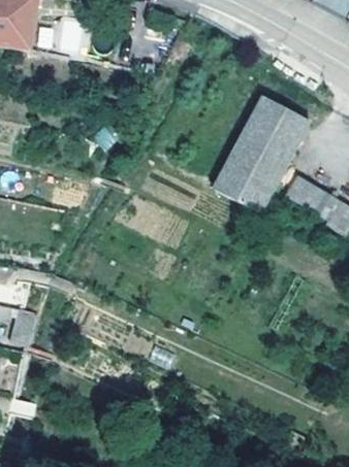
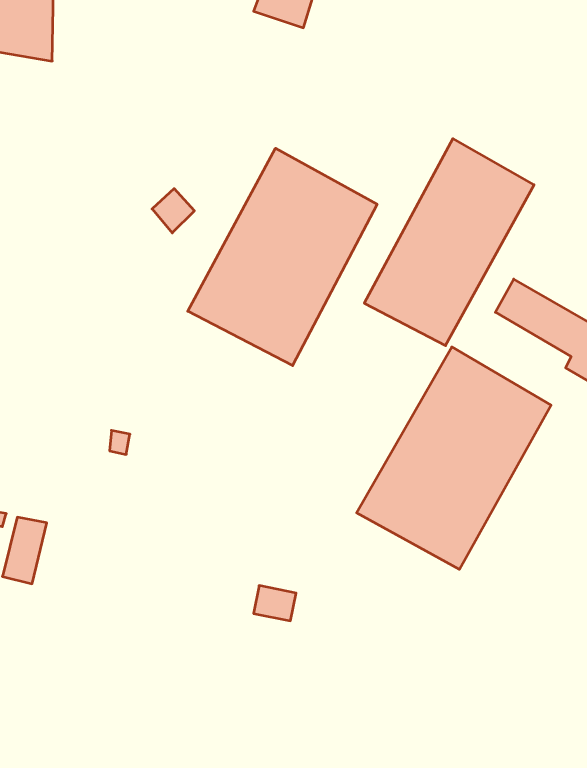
building: none -> [188,148,377,366]
building: none -> [357,347,551,569]

